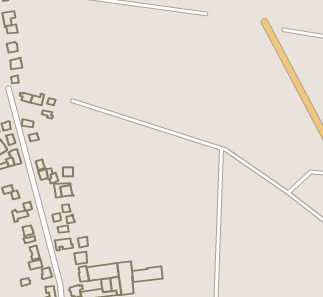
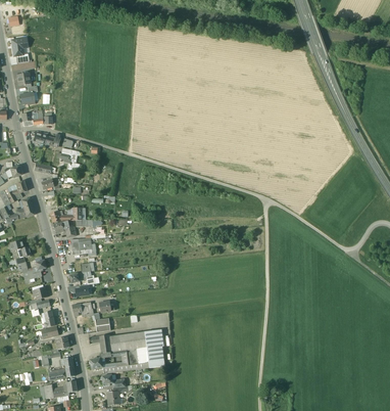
building: [132,266,163,282] -> none

